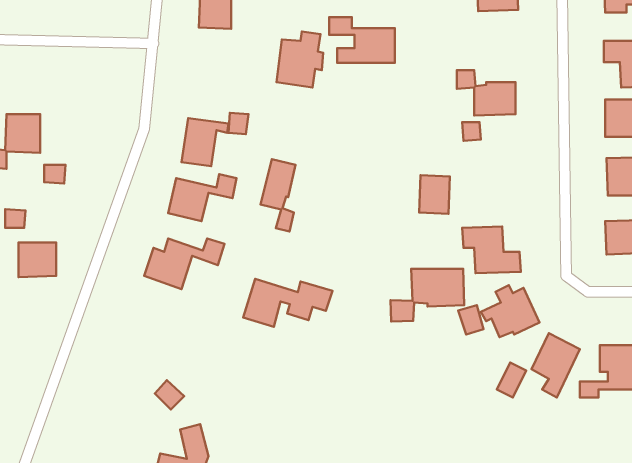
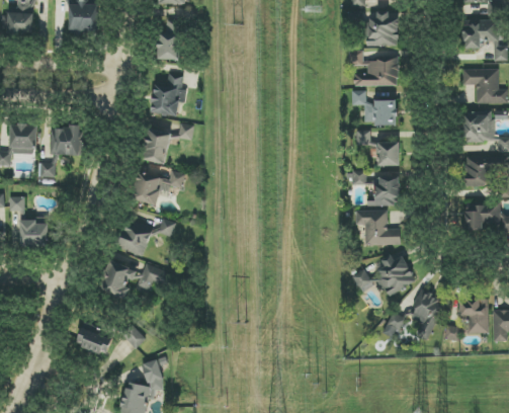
building: [329,17,395,63] -> [347,51,397,85]
building: [277,31,323,88] -> [150,74,185,116]
building: none -> [50,127,79,155]
building: none -> [376,142,399,165]
building: [260,159,296,231] -> none
building: [419,175,450,214] -> [375,176,399,205]
building: [391,269,464,321] -> none
building: [243,279,333,327] -> [101,262,169,299]
building: none -> [76,327,111,355]

